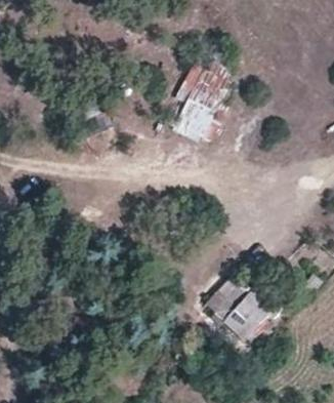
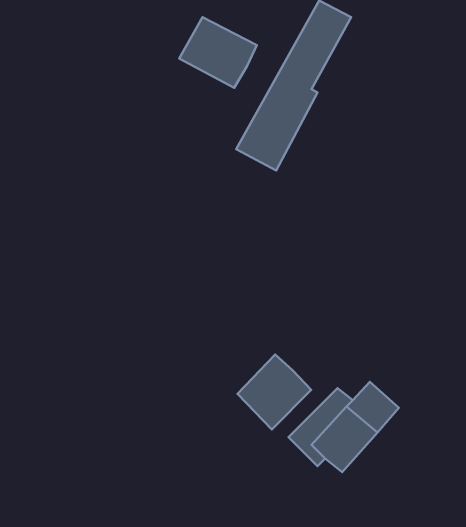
building: none -> [179,17,257,88]
building: none -> [237,355,311,429]

